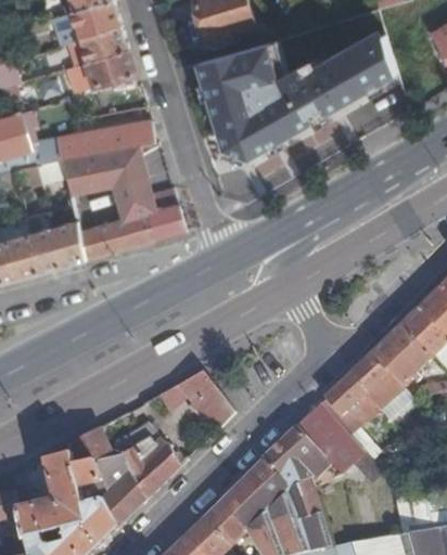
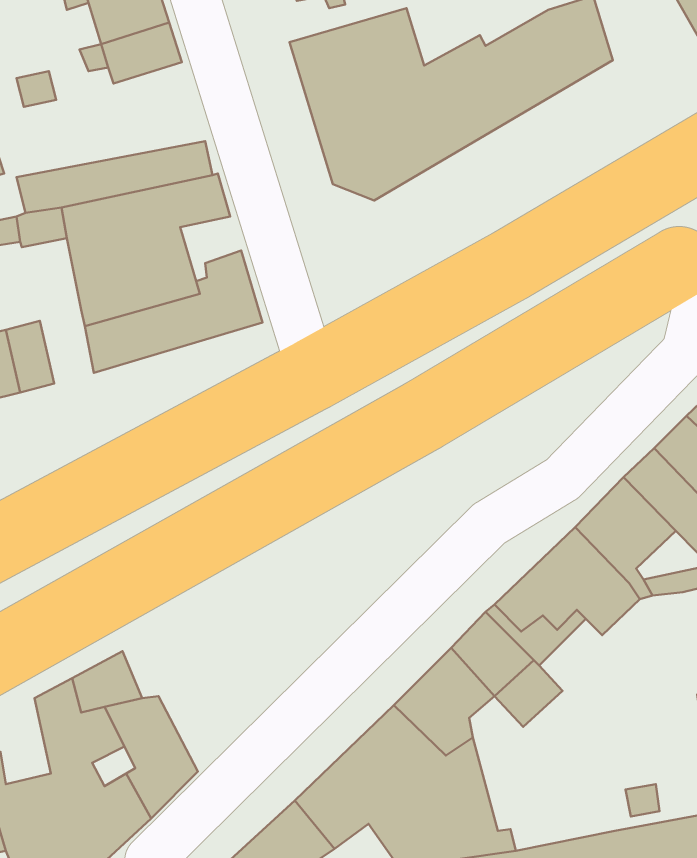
building: [48,222,80,267] -> none
building: [157,371,231,431] -> none
building: [119,438,178,501] -> none

